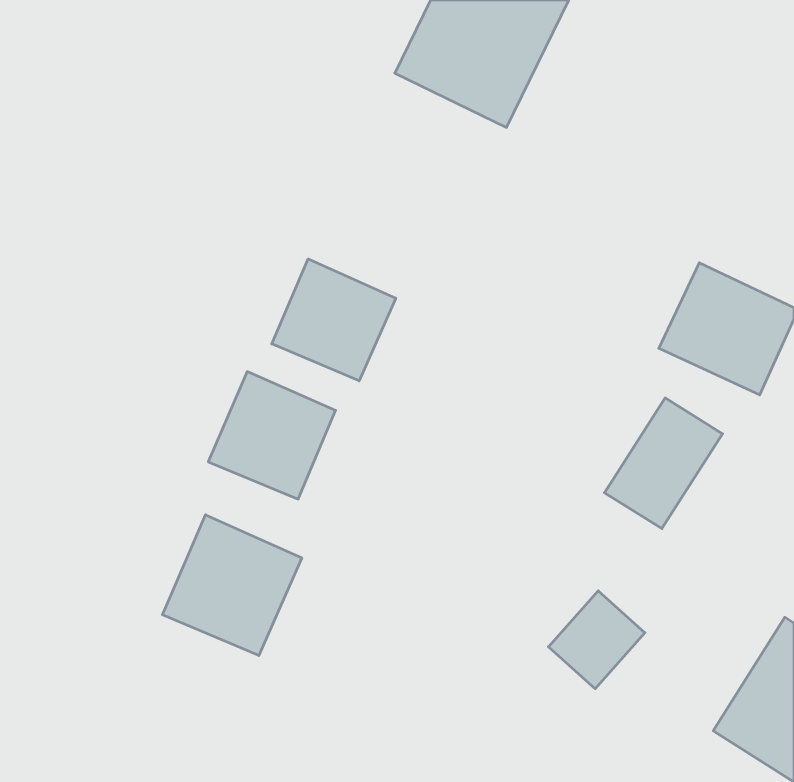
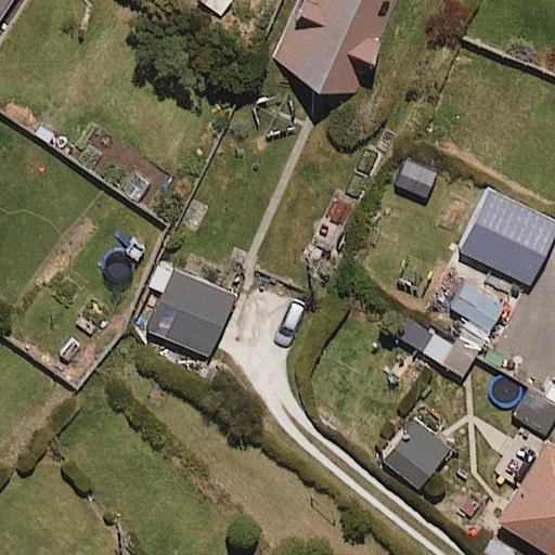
building: [272,259,396,381] -> none
building: [162,515,302,656] -> none

